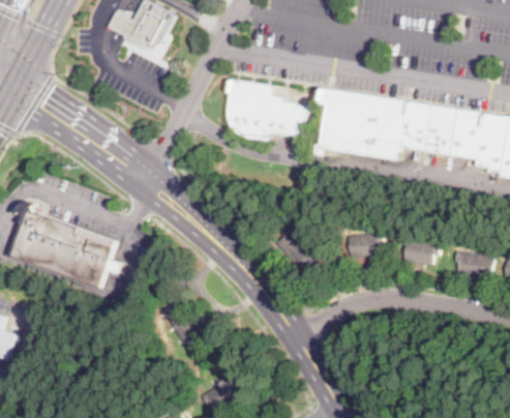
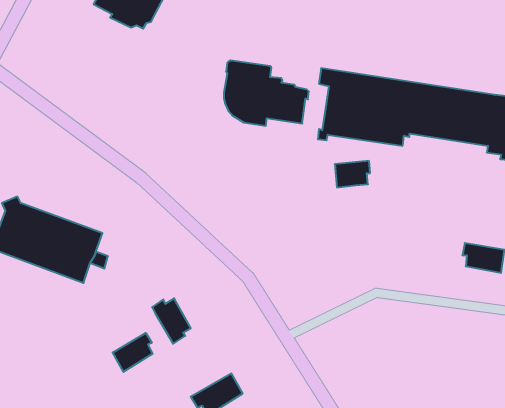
building: [275,227,313,267] -> none
building: [347,233,380,258] -> [335,161,370,187]
building: [401,239,438,266] -> none
building: none -> [113,333,153,372]

